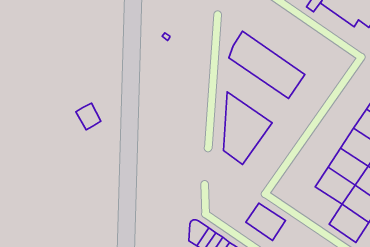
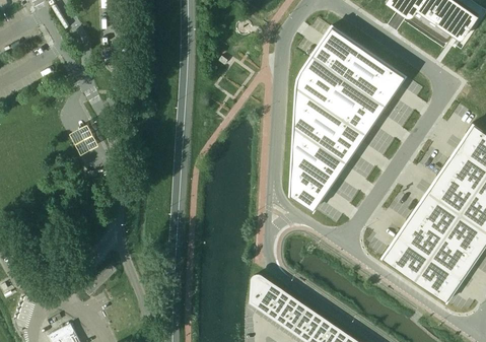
building: none -> [313,26,405,106]
building: none -> [294,86,366,162]
building: [76,103,101,130] -> [69,122,98,153]
building: [246,203,286,240] -> [383,237,429,281]

